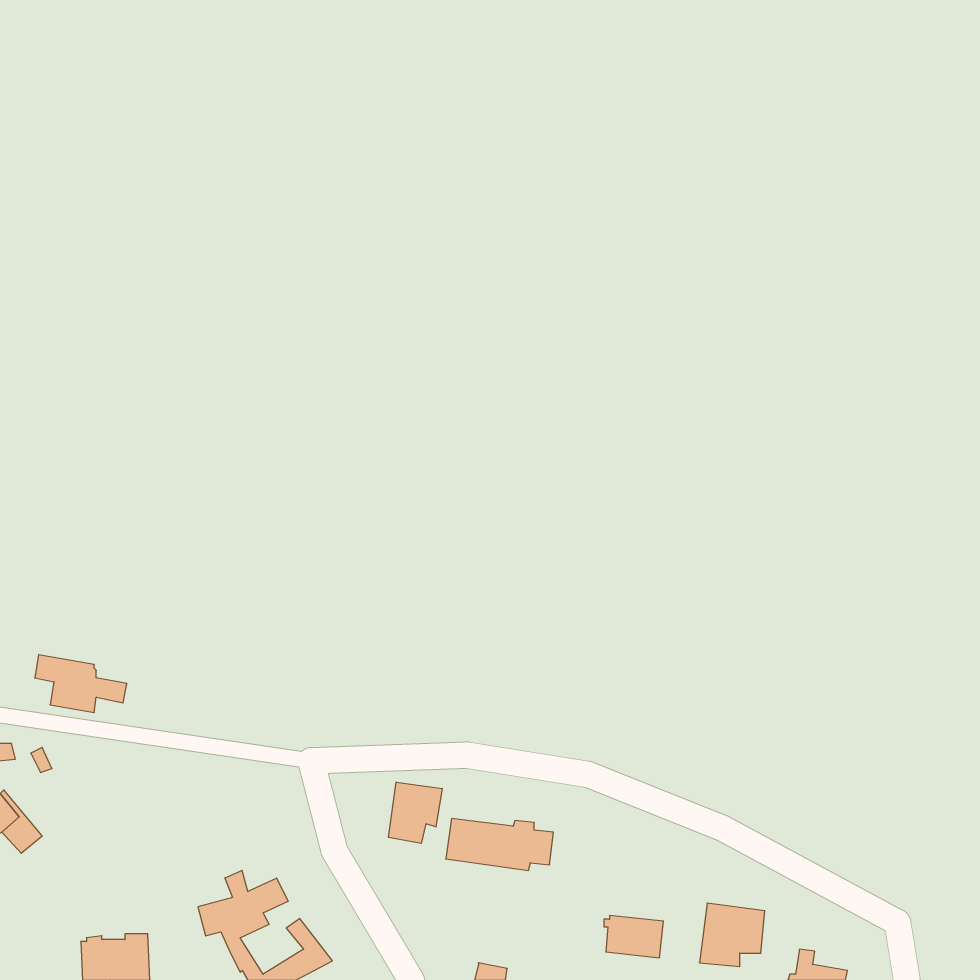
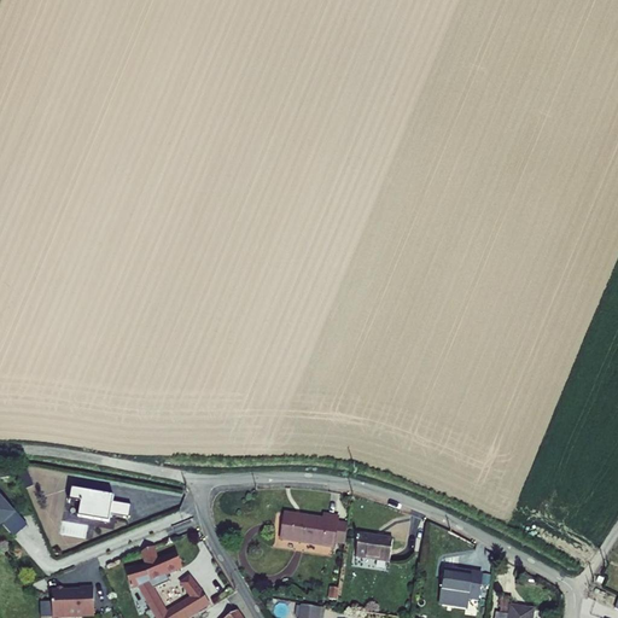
building: [35,655,127,712] -> [69,485,127,521]
building: [389,782,442,843] -> none
building: [604,915,663,958] -> [355,535,392,561]

